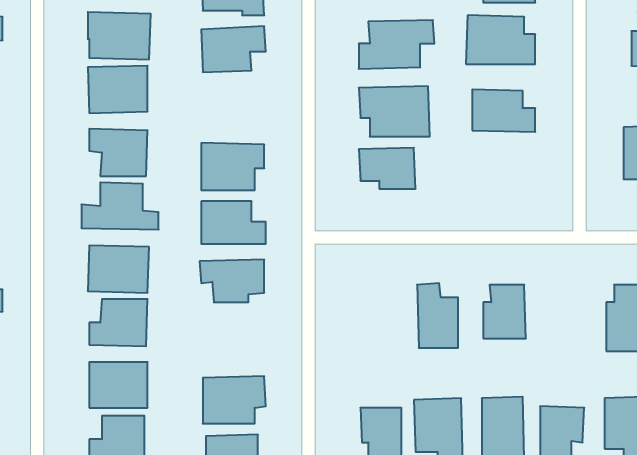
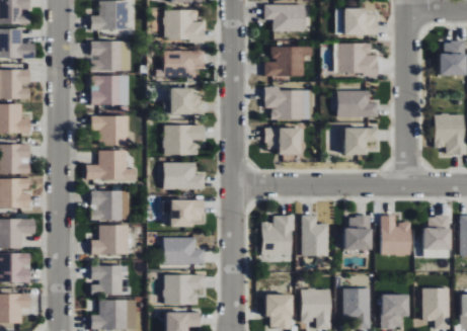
building: none -> [163,87,203,115]
building: none -> [344,128,378,155]
building: none -> [261,215,294,257]
building: none -> [380,215,411,255]
building: none -> [164,237,205,265]

